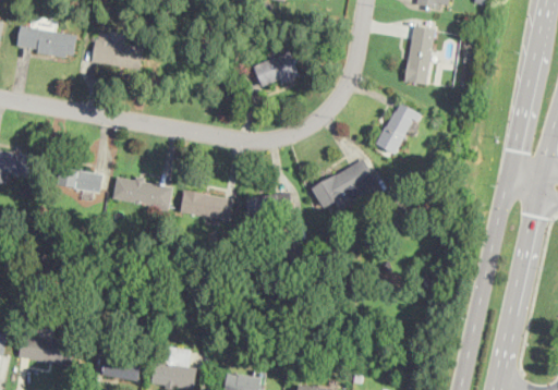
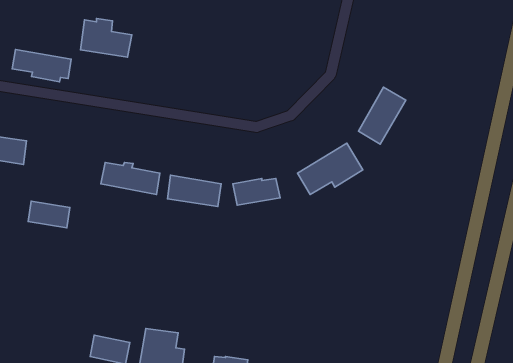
building: [15,26,75,59] -> [12,50,71,82]
building: [403,26,435,87] -> none
building: [253,51,300,90] -> none
building: [60,168,102,195] -> [28,201,70,228]
building: [17,336,74,366] -> none

